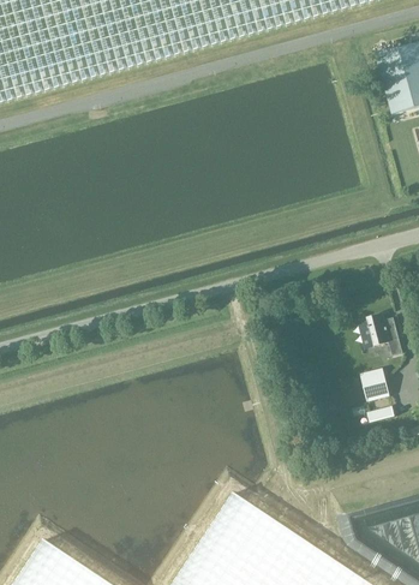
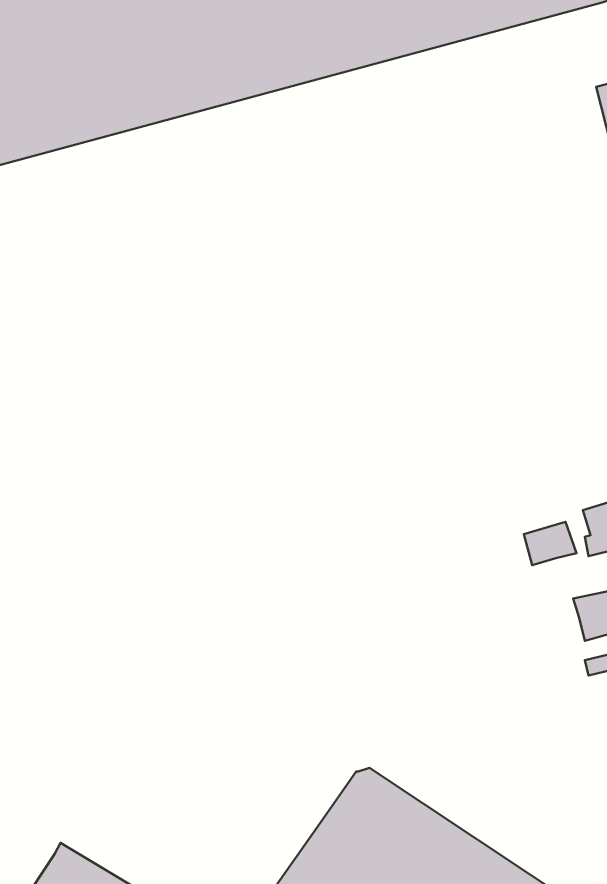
building: none -> [524,522,576,565]

